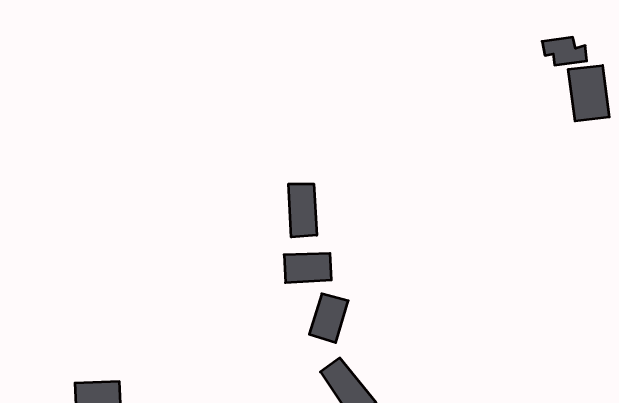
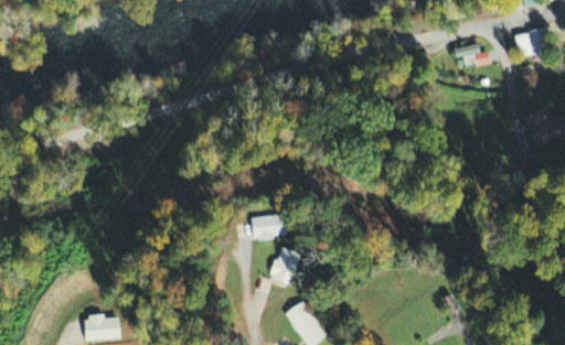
building: [568,65,609,121] -> none
building: [289,184,317,237] -> none

